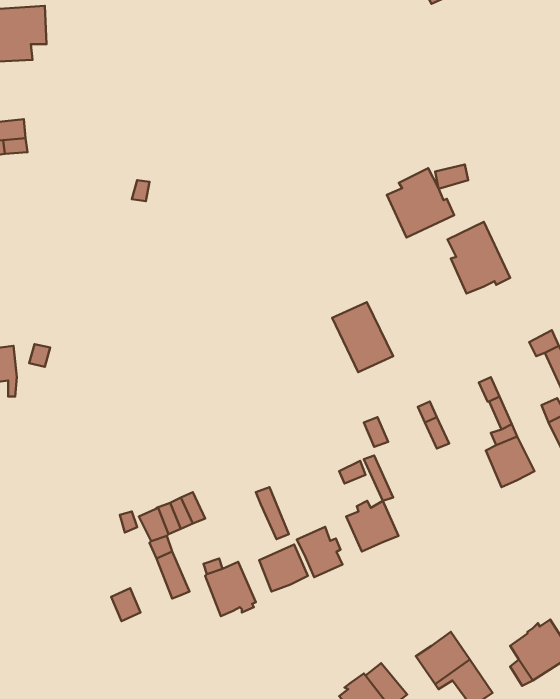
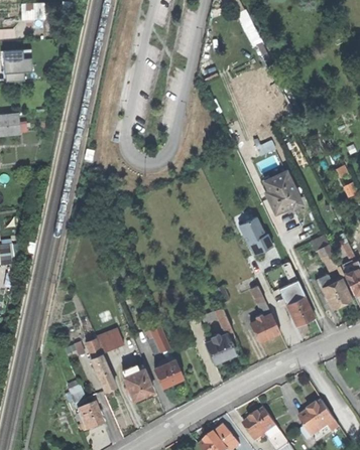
building: [387,168,454,238] -> none
building: [332,302,393,372] -> [236,213,271,254]
building: none -> [249,313,279,342]
building: [297,527,342,577] -> none
building: none -> [77,401,104,430]

